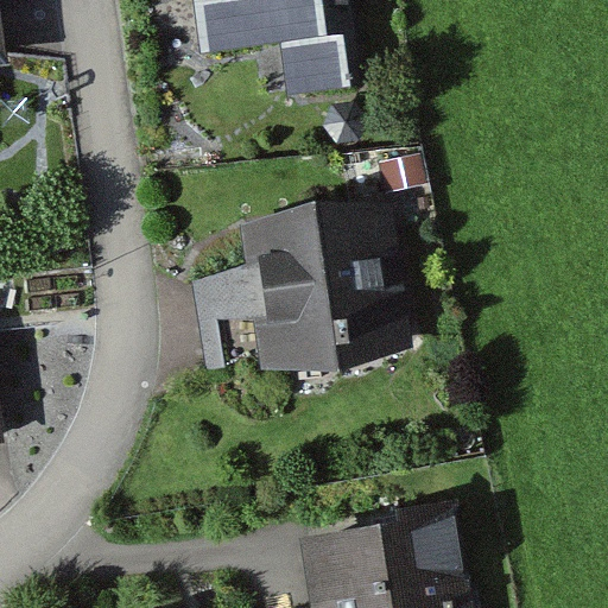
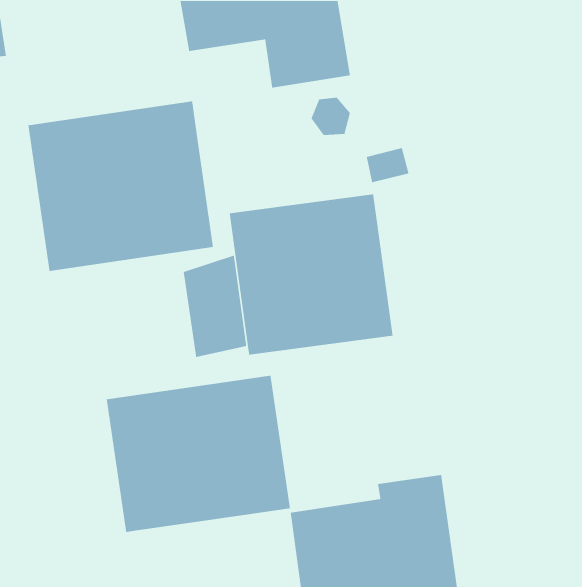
building: none -> [28,100,214,272]
building: none -> [106,375,291,533]

